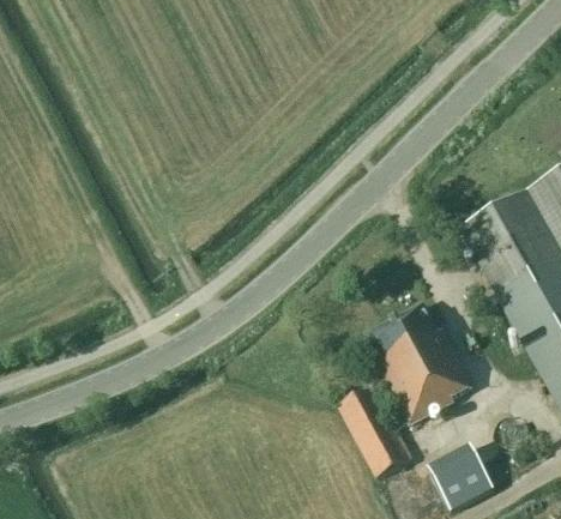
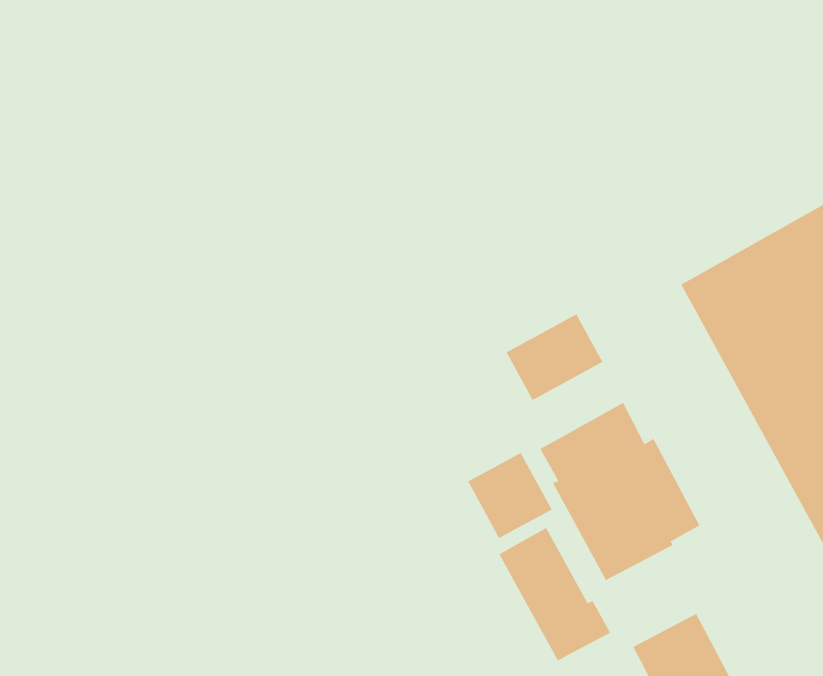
building: none -> [506,314,603,401]
building: none -> [467,452,552,539]

